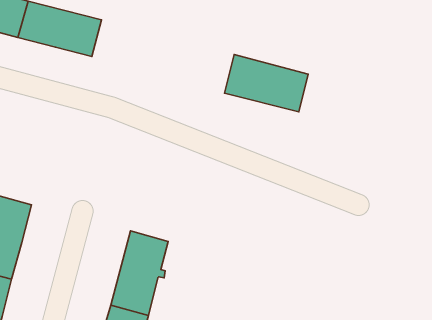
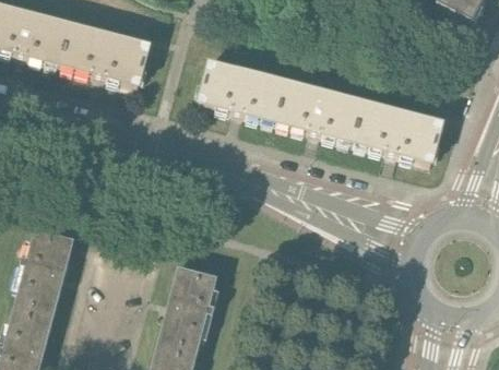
building: none -> [198,62,285,123]
building: none -> [353,104,440,164]

